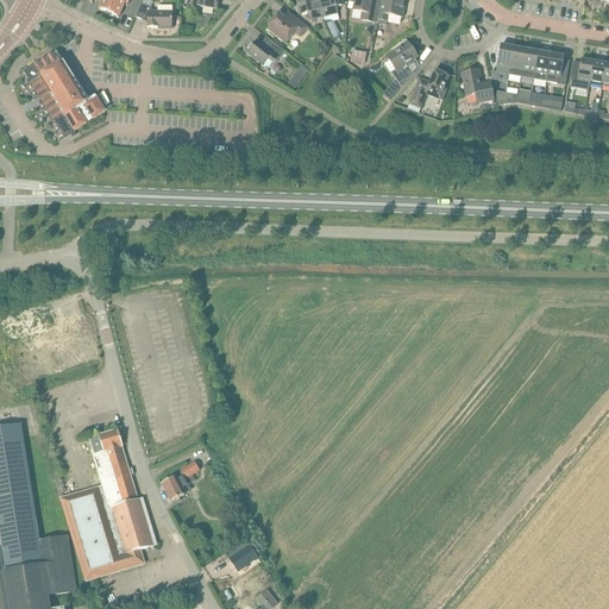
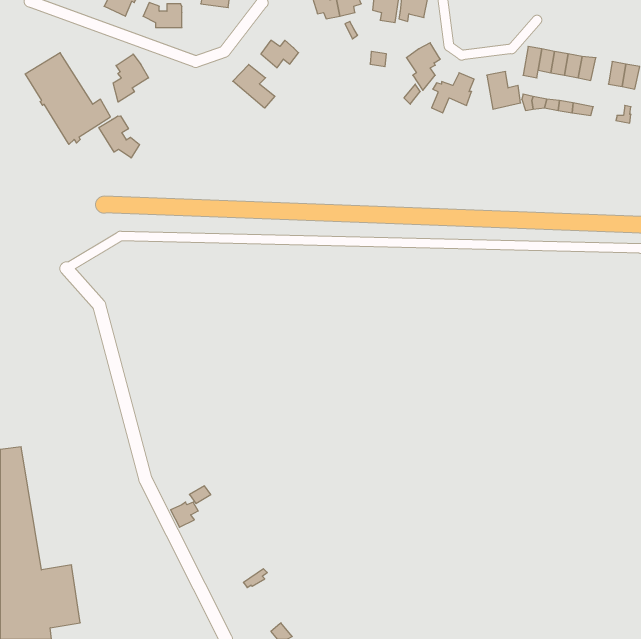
building: [269,12,307,42] -> none
building: none -> [113,54,149,102]
building: none -> [233,64,275,108]
building: none -> [99,116,140,158]
building: [59,428,156,580] -> none

